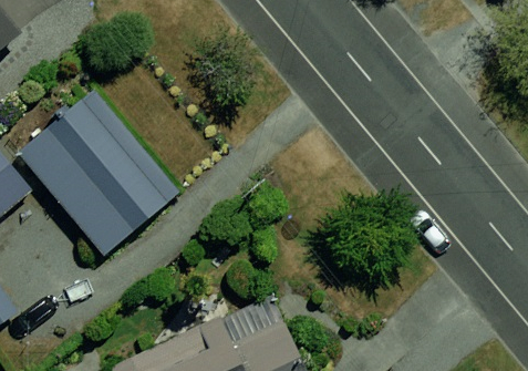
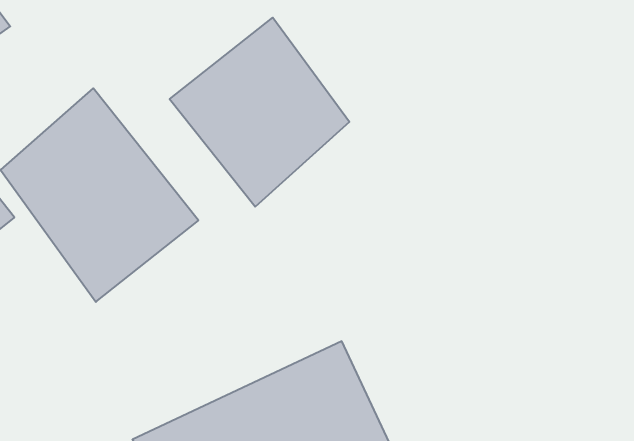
building: none -> [170,18,349,207]

